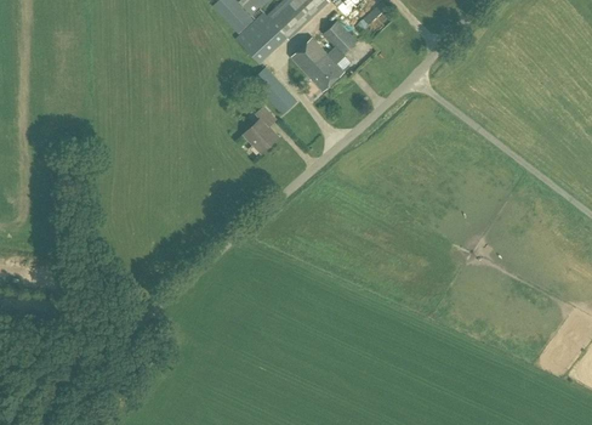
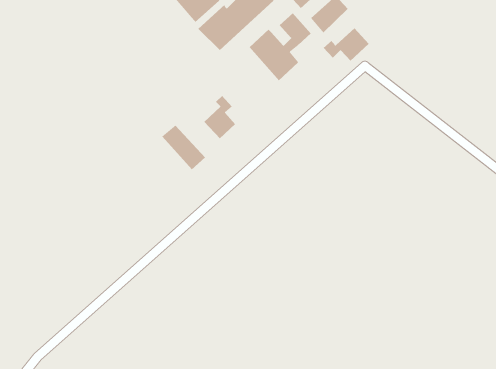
building: none -> [323,27,370,61]
building: [250,67,296,114] -> [162,125,206,170]

